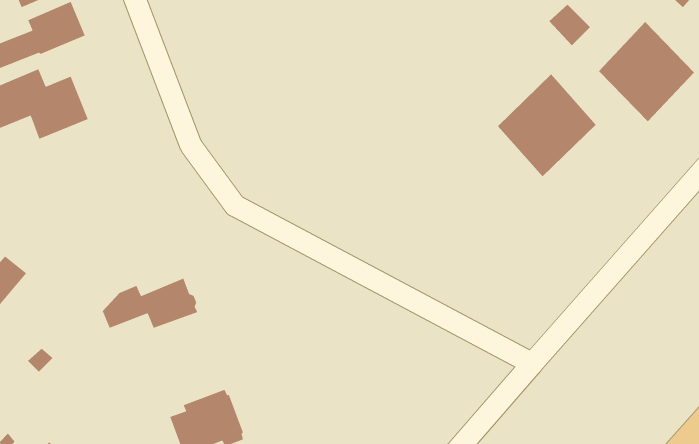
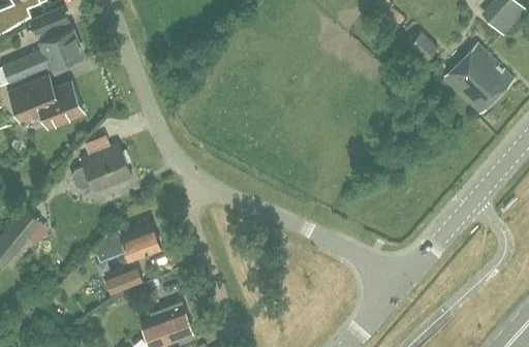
building: [497,73,596,177] -> none
building: none -> [73,145,132,193]
building: none -> [103,263,143,295]

